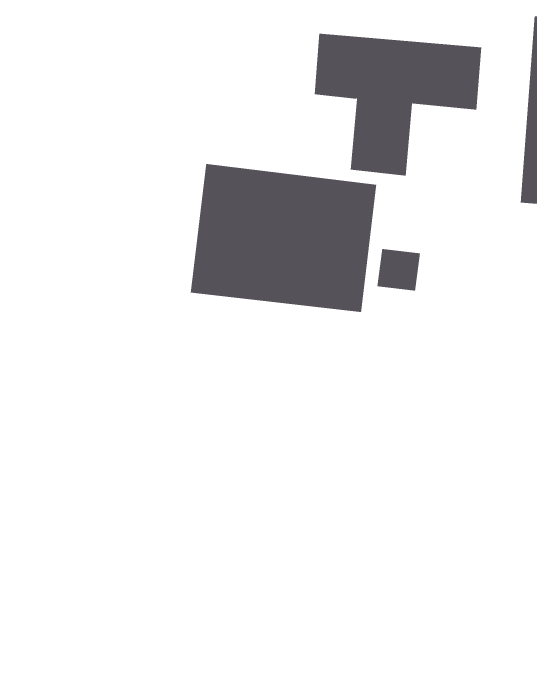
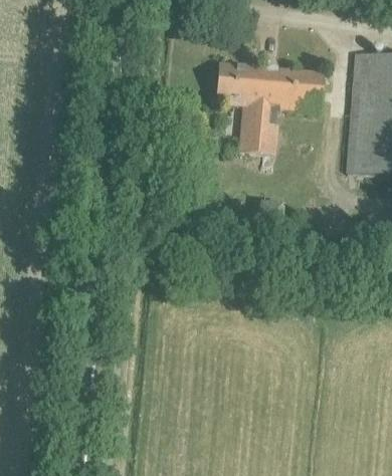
building: [190,163,377,313] -> none

